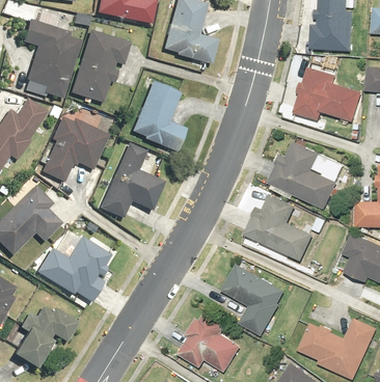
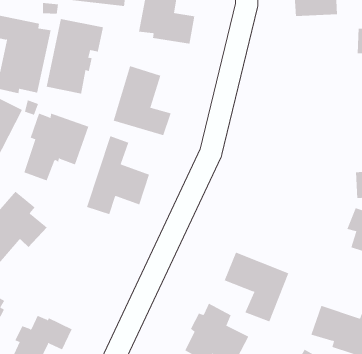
building: [294,64,364,120] -> none
building: [267,142,343,209] -> none
building: [243,194,313,261] -> none
building: [33,239,109,302] -> none

